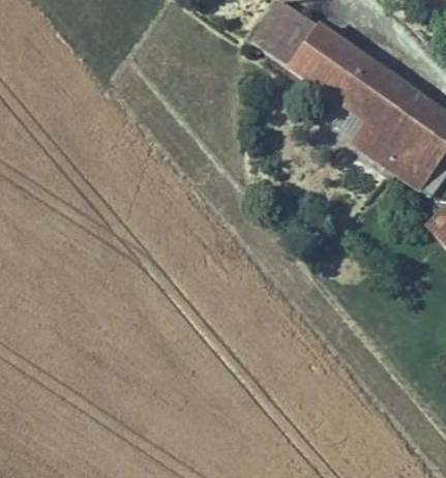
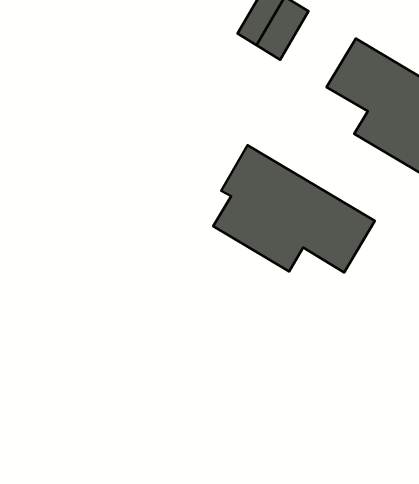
building: [291,28,360,97] -> none
building: none -> [213,145,375,273]

